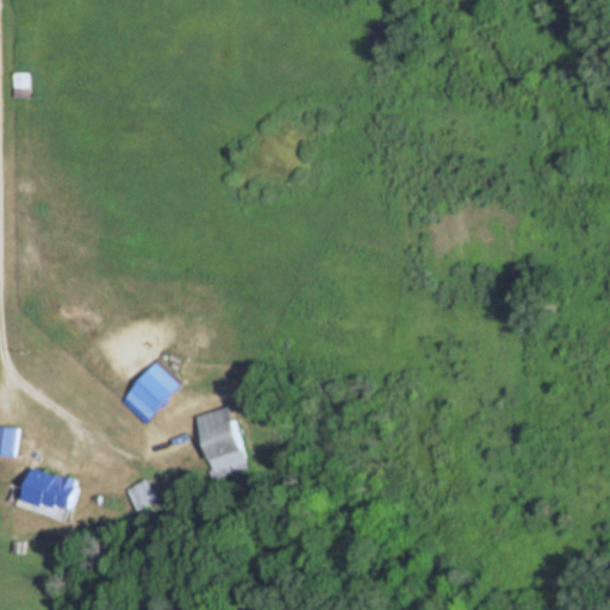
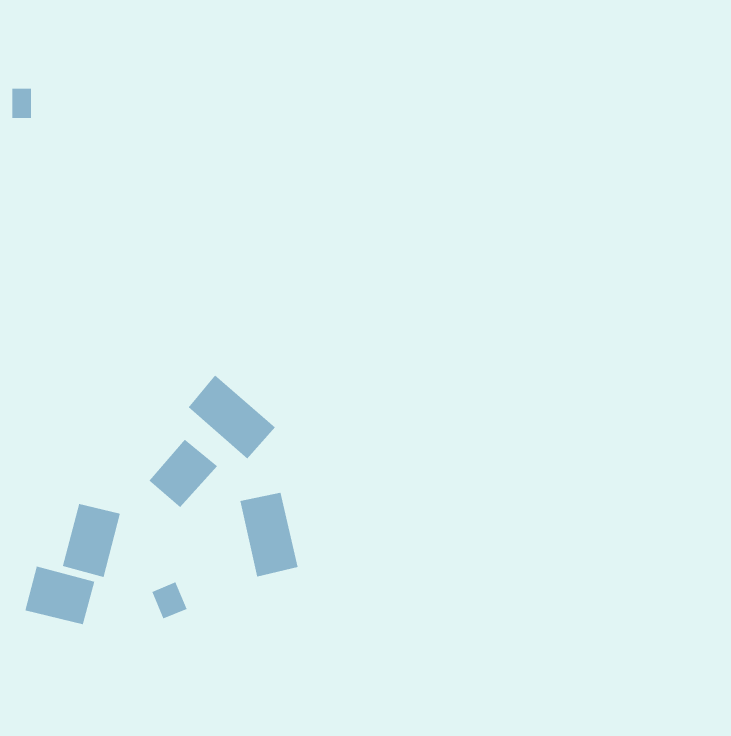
building: none -> [188,375,276,459]
building: none -> [62,503,121,578]

